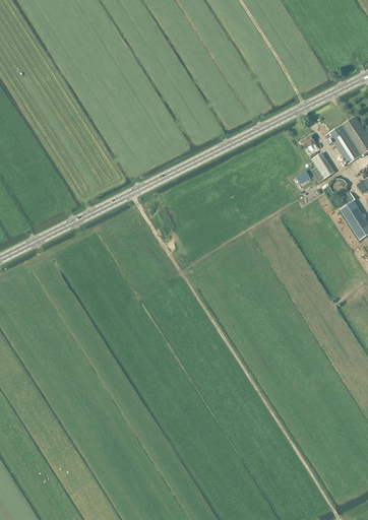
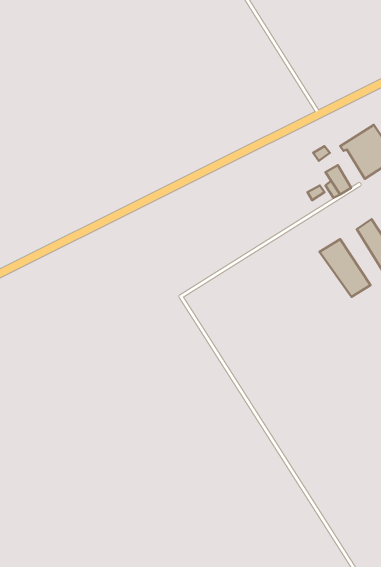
building: none -> [320,239,371,297]

